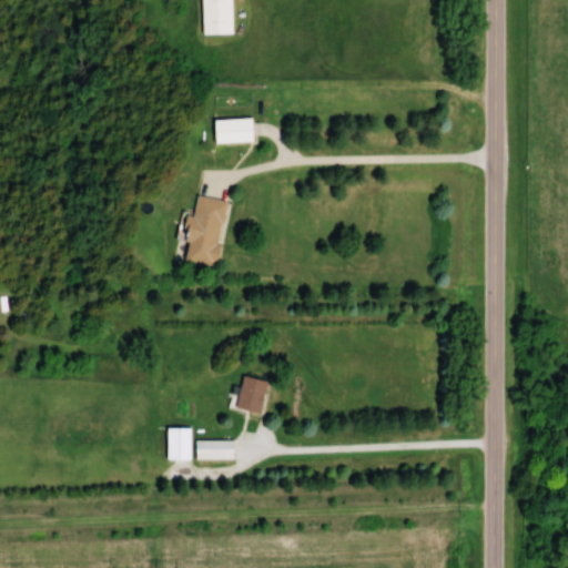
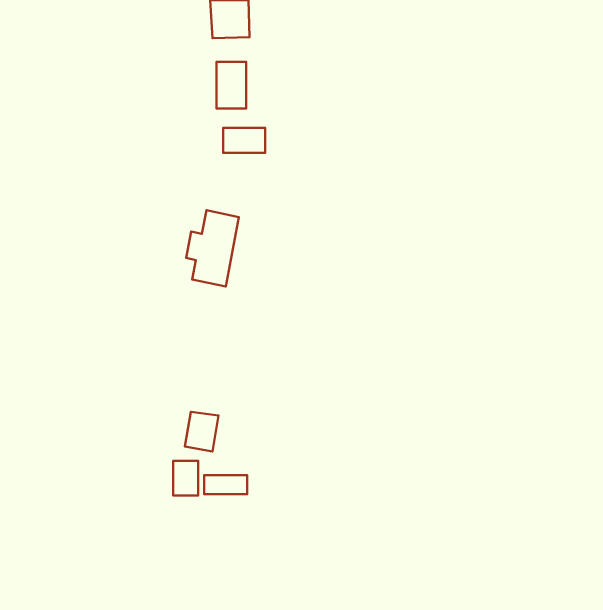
building: none -> [217,62,246,108]
building: [237,377,268,414] -> [185,412,218,451]

